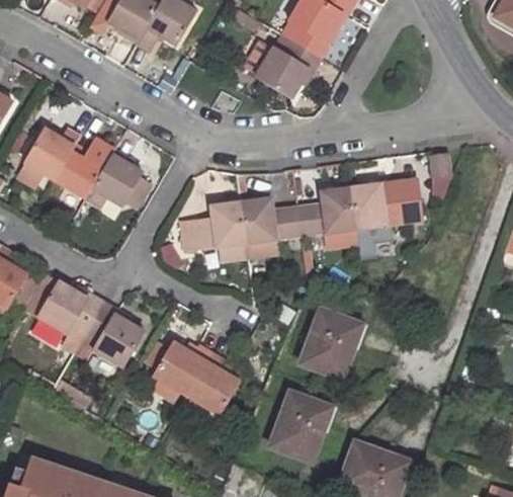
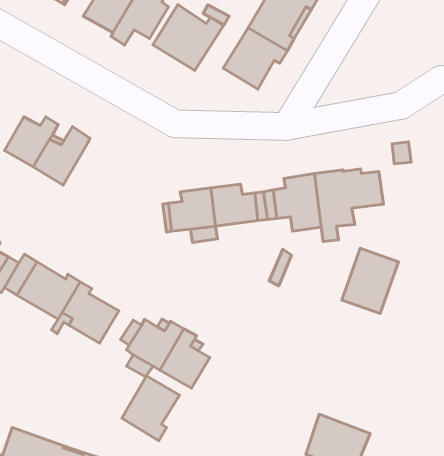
building: none -> [153,4,224,70]
building: [85,155,152,208] -> none
building: [301,309,360,378] -> [342,248,398,314]
building: [269,392,331,461] -> none
building: none -> [122,376,180,441]

